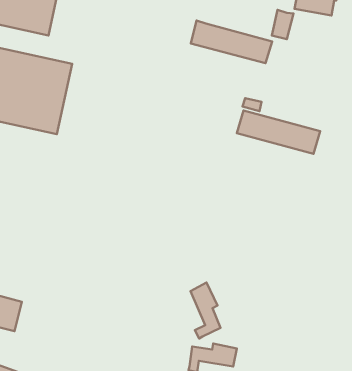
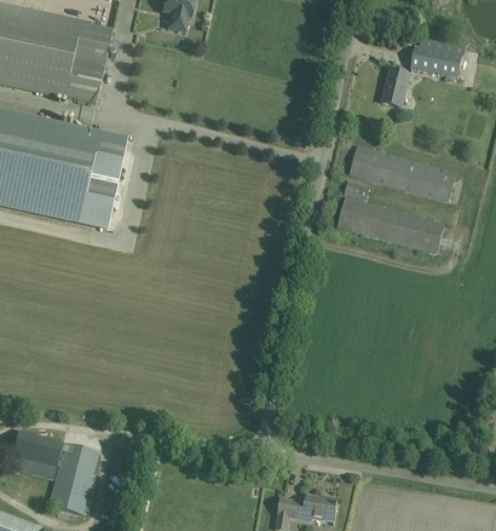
building: [191,21,272,63] -> [351,145,455,200]
building: [190,282,221,338] -> none
building: none -> [50,441,98,513]

